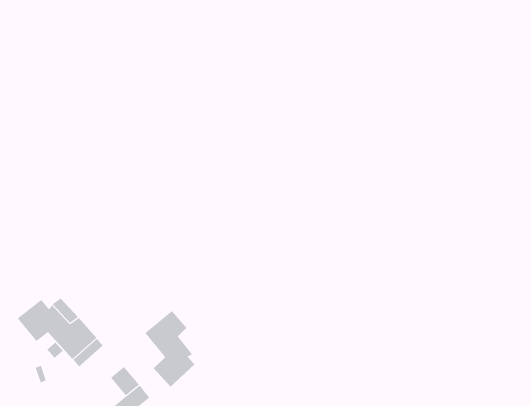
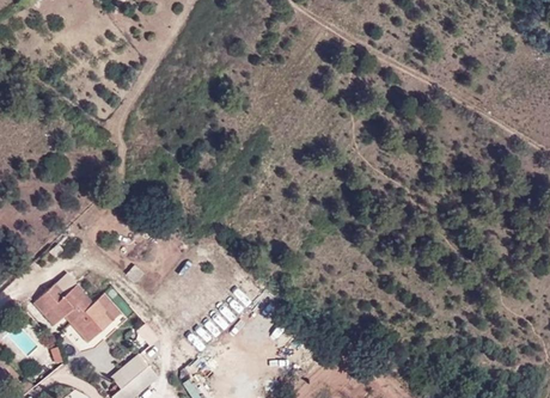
building: [144,310,195,387] -> none

